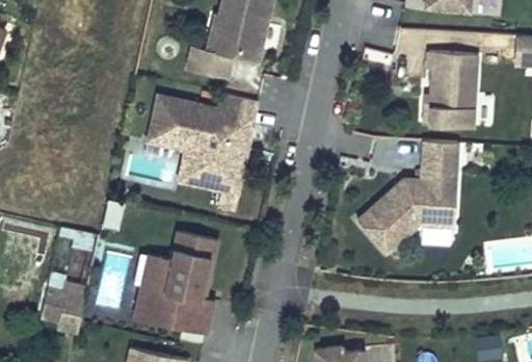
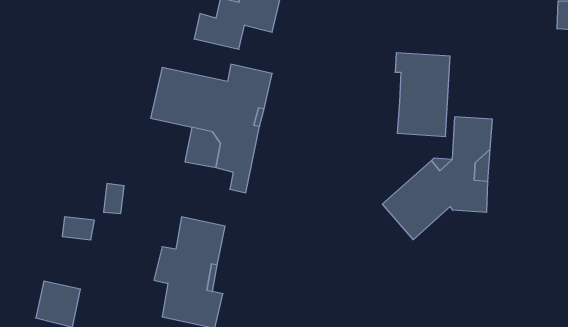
building: [426,50,476,126] -> [395,53,450,137]
building: [134,254,163,320] -> none

